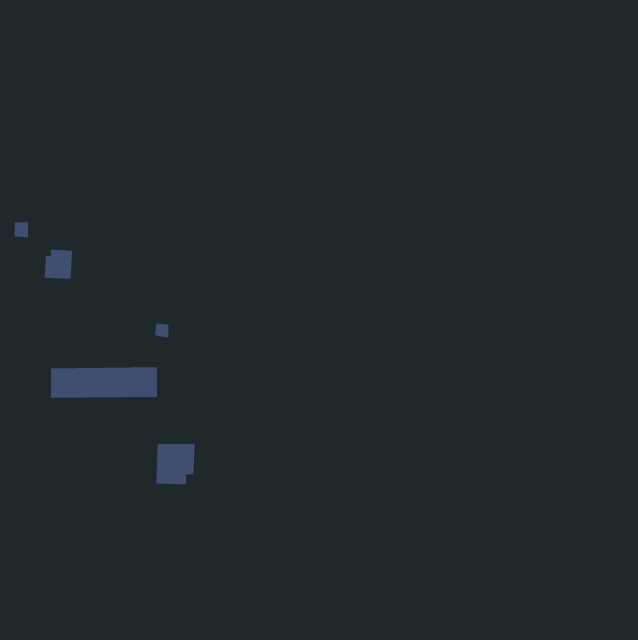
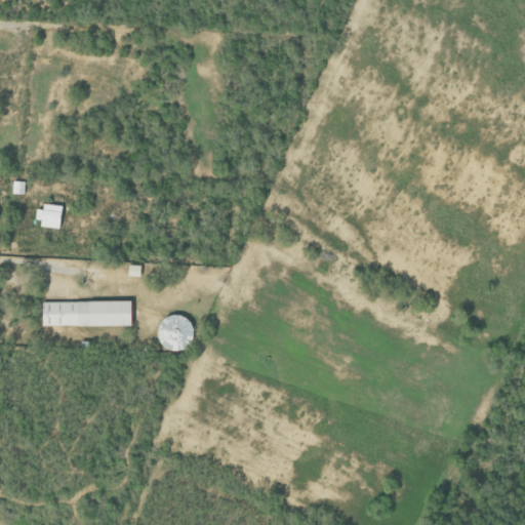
building: [155,444,196,485] -> [159,317,192,351]

